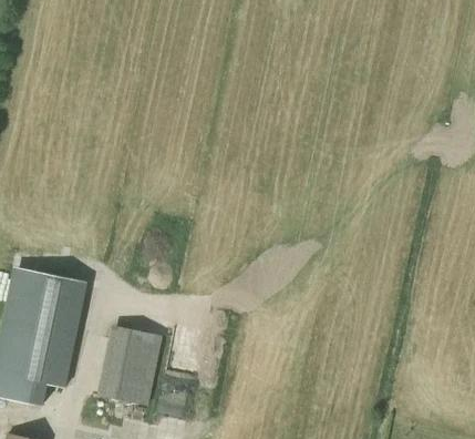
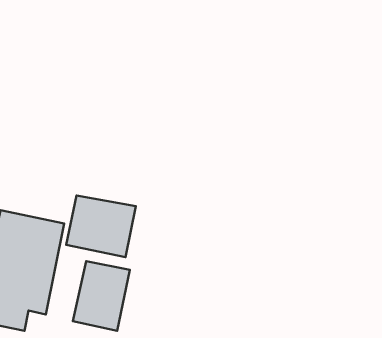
building: none -> [66,195,136,257]

